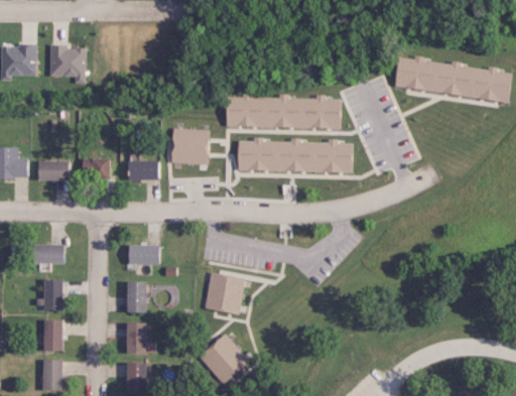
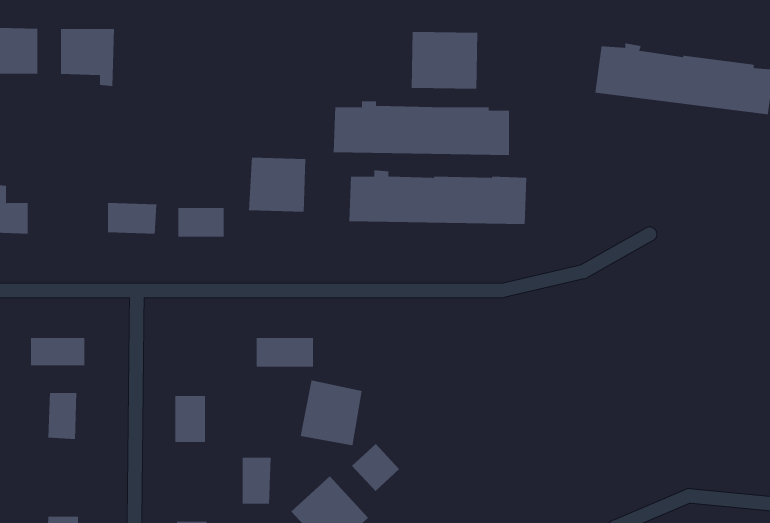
building: none -> [411,31,478,89]
building: [35,161,72,180] -> none
building: [126,245,163,264] -> [256,337,314,367]
building: none -> [351,443,400,492]
building: [42,320,61,351] -> none
building: [125,323,144,354] -> [242,457,272,504]

